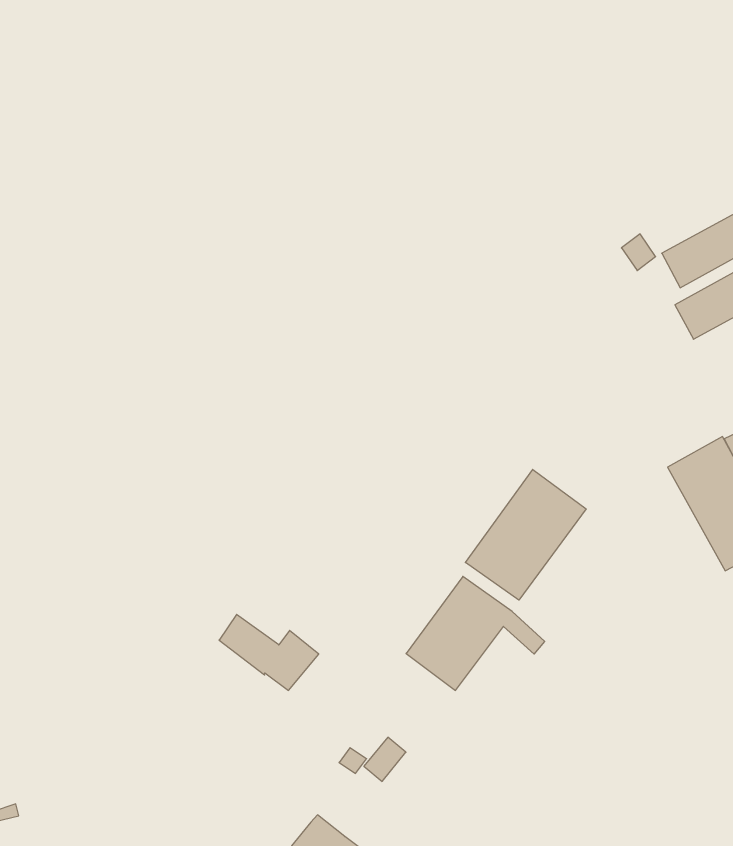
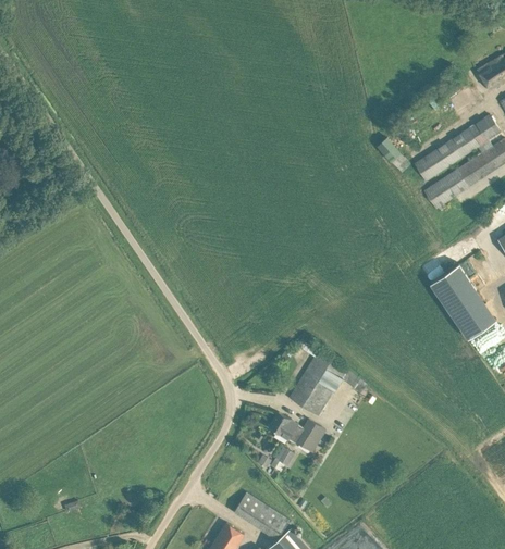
building: [465,469,586,600] -> none
building: [219,614,319,690] -> [270,413,327,453]

